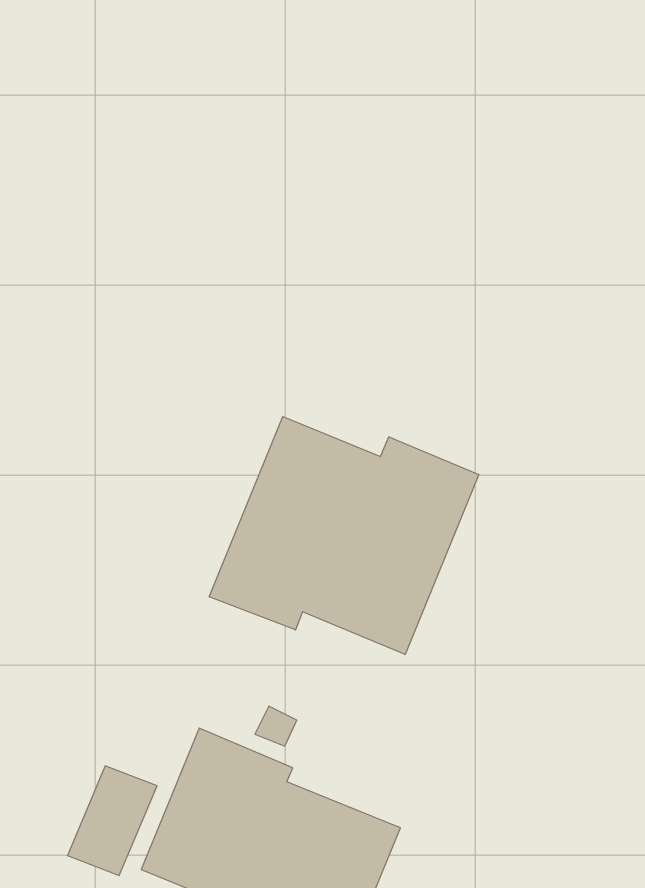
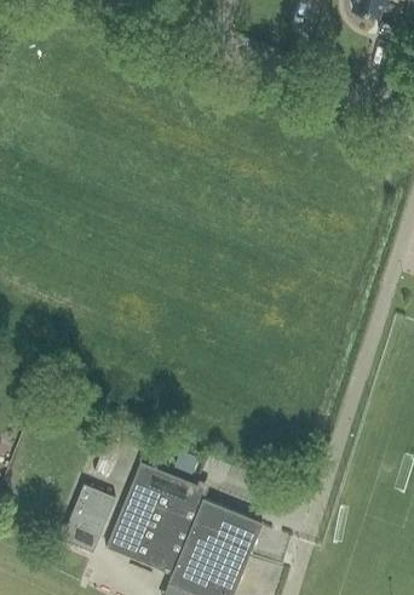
building: [209,417,479,655] -> none

